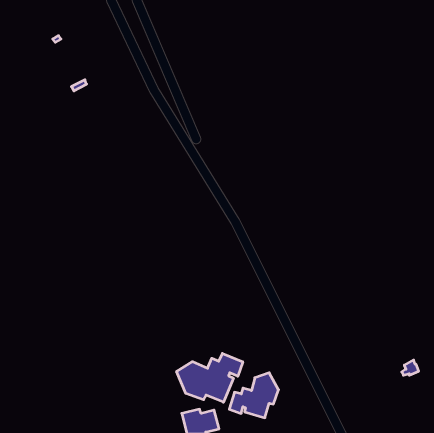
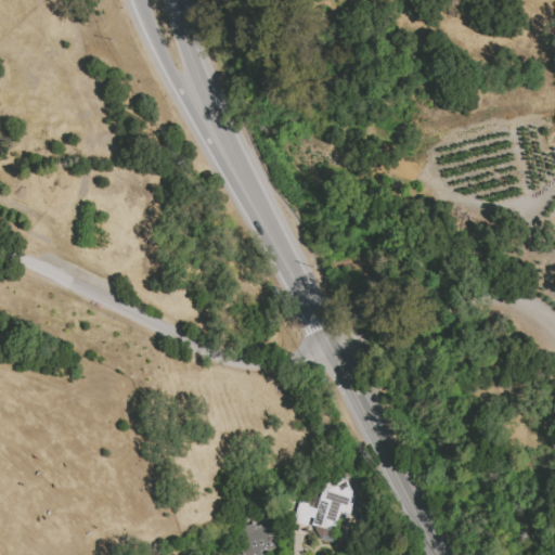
building: [177,353,243,402] -> none

